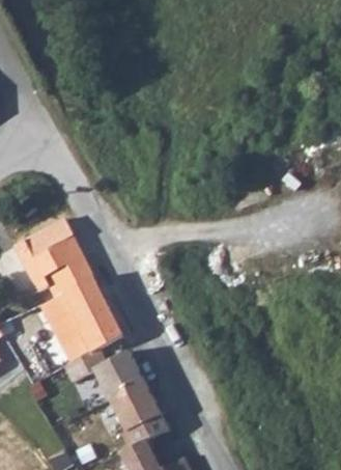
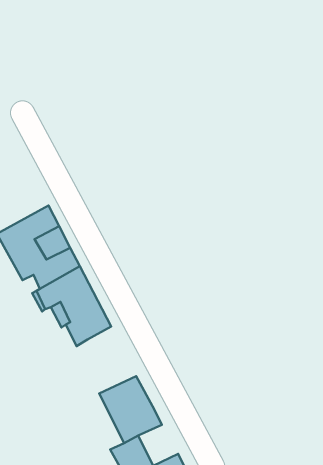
building: [65,348,145,399] -> none

